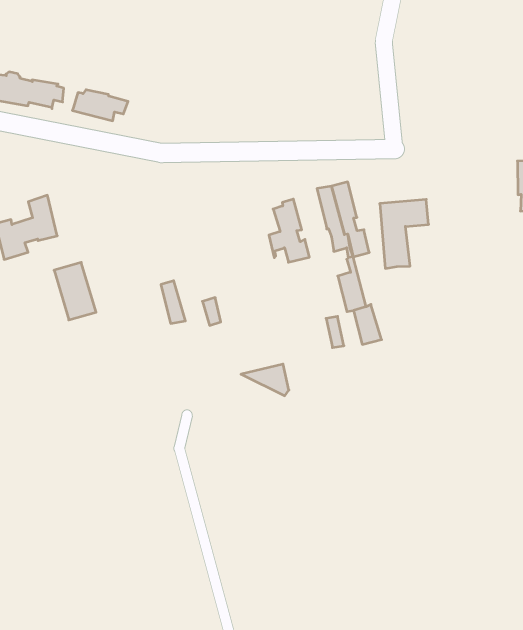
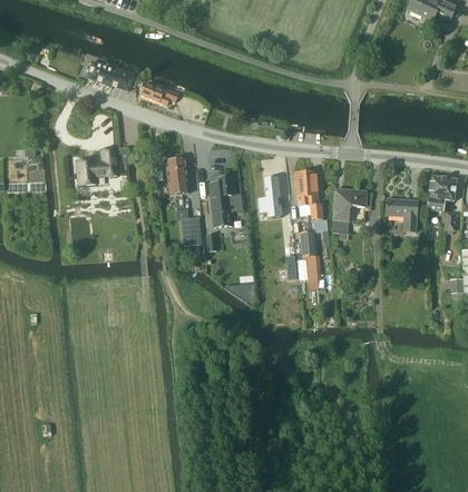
building: none -> [386,198,418,230]
building: none -> [209,176,243,226]
building: [54,262,96,320] -> [166,158,189,195]

